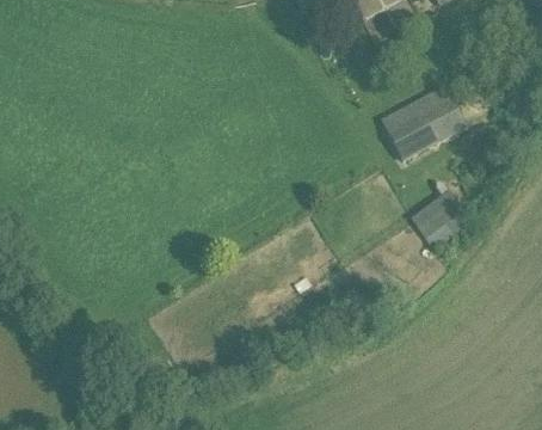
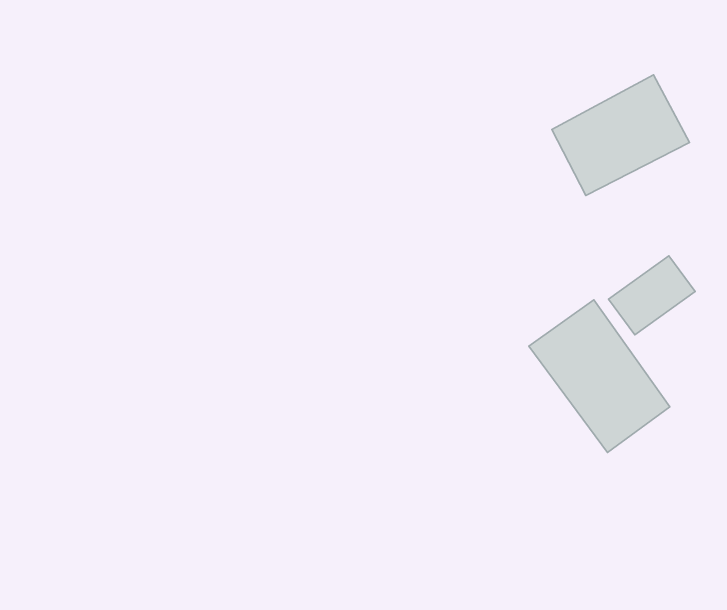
building: none -> [529,300,670,453]

